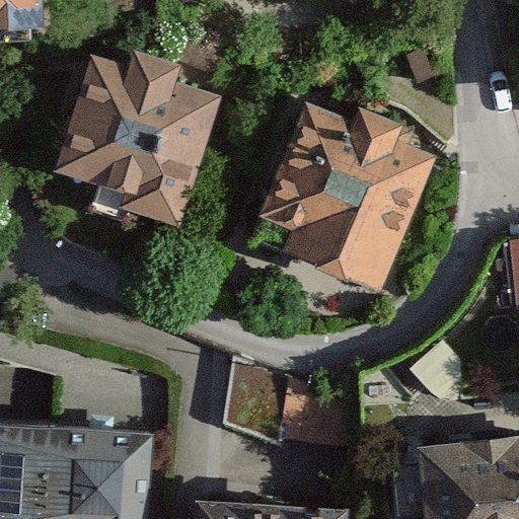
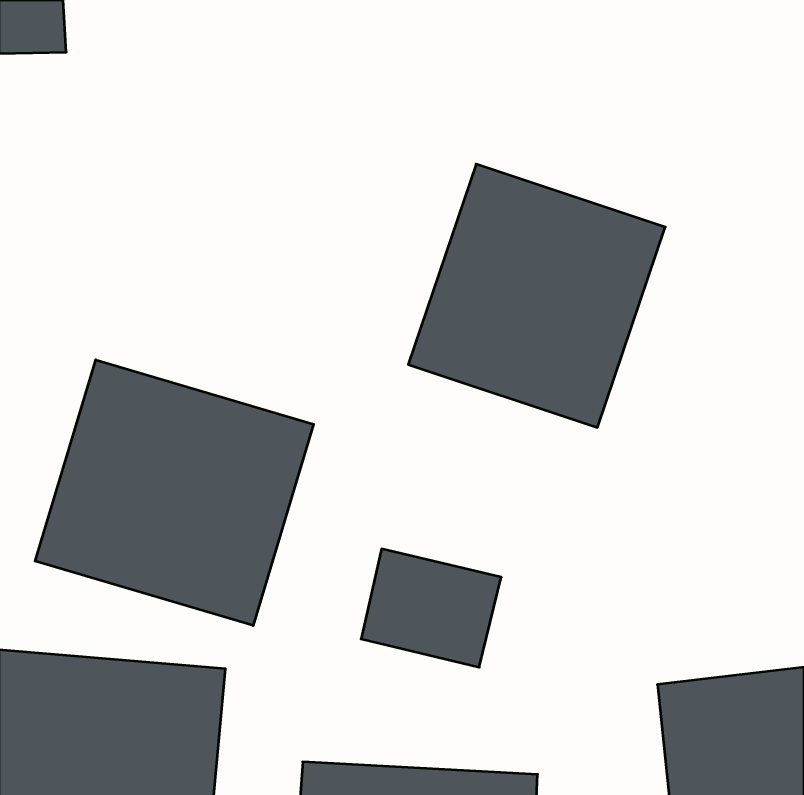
building: [52,45,220,223] -> none
building: none -> [35,360,314,626]

